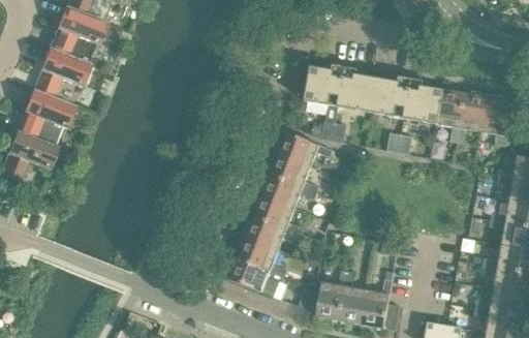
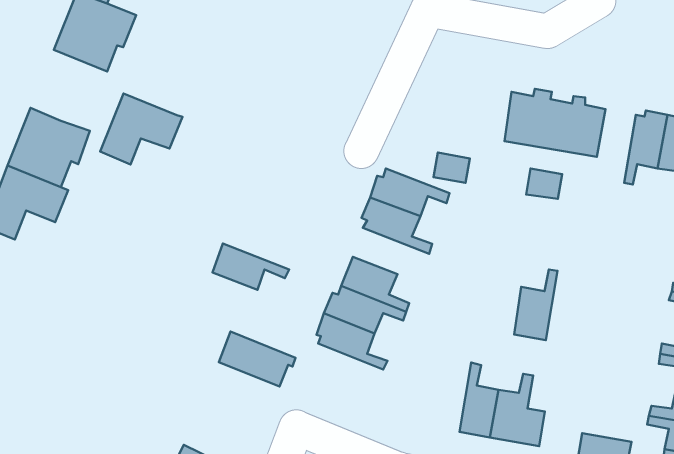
building: [32,48,91,98] -> [100,94,183,164]
building: [304,64,376,113] -> none
building: [437,90,465,143] -> none
building: [262,175,317,208] -> [213,244,289,290]
building: [229,257,284,297] -> [219,332,296,387]
building: [316,270,347,320] -> [514,269,557,340]

